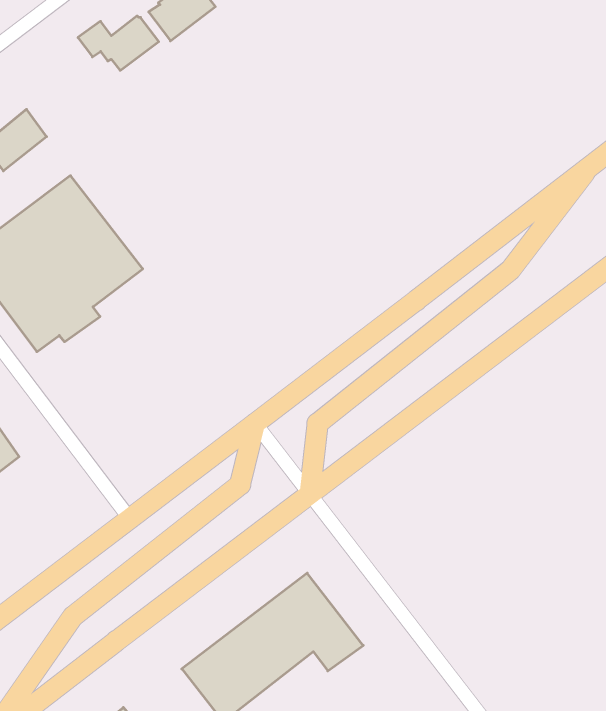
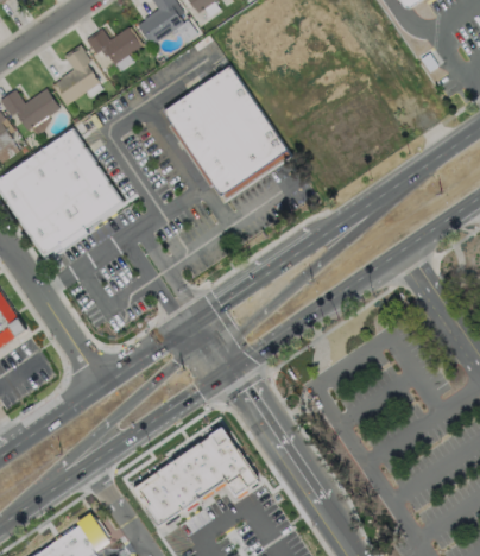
building: none -> [51,42,99,103]
building: none -> [166,69,291,201]

